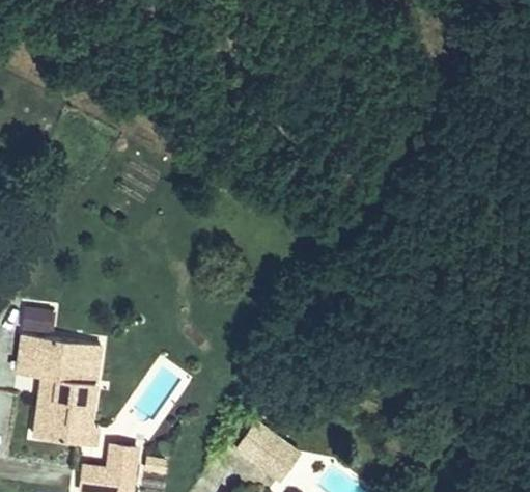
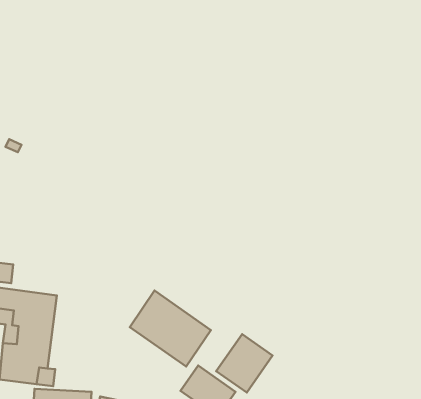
building: none -> [130,291,211,367]
building: none -> [216,334,273,392]

